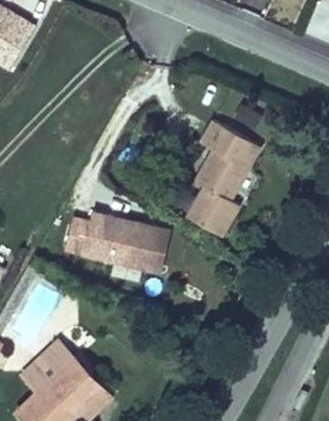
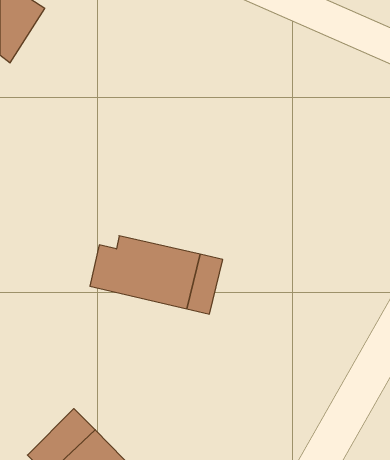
building: [189,120,260,235] -> none

